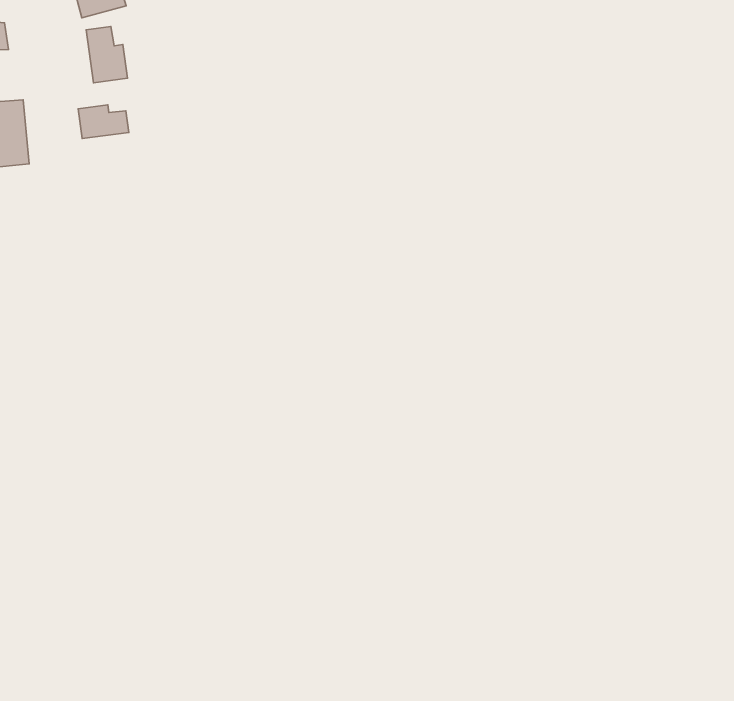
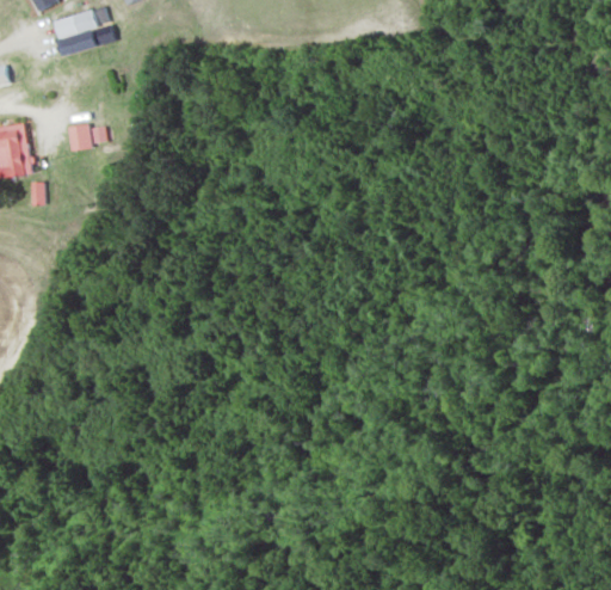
building: [86,27,127,83] -> none

